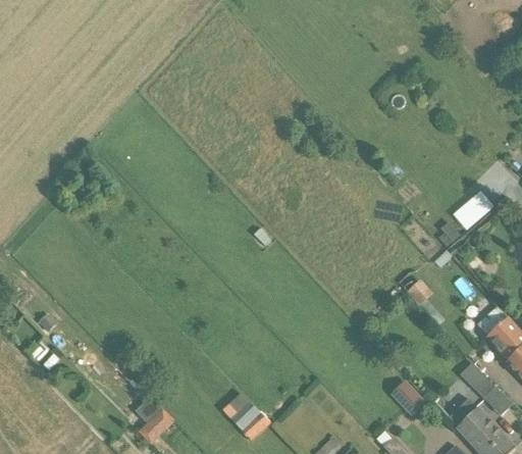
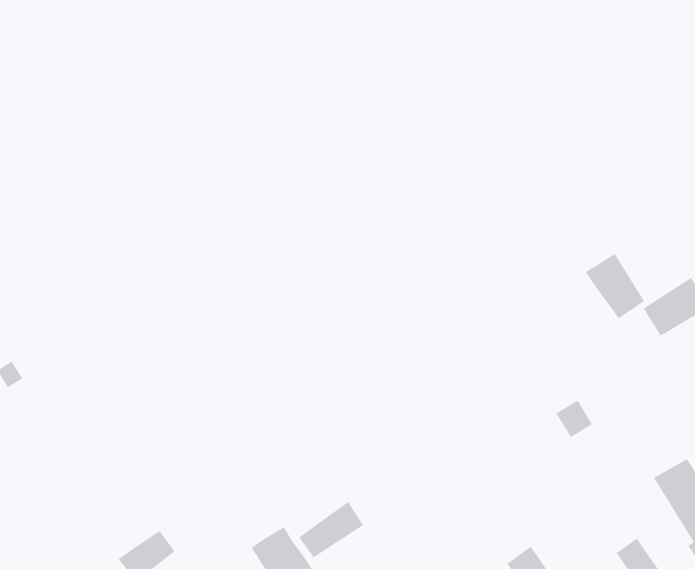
building: none -> [585,253,645,319]
building: none -> [298,501,364,558]

